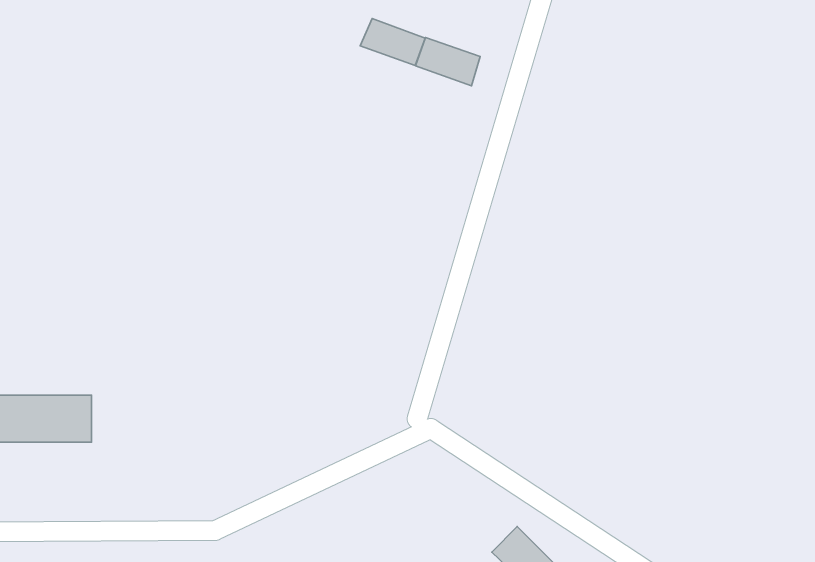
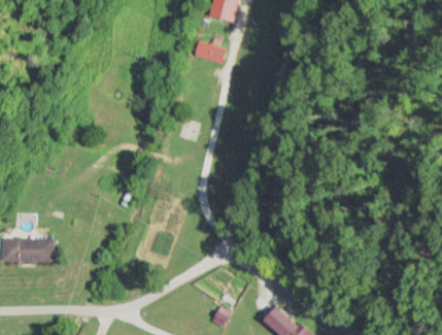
building: [416,38,480,86] -> none

